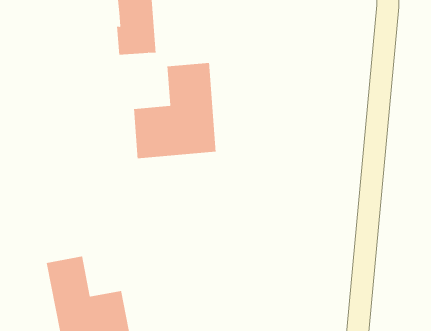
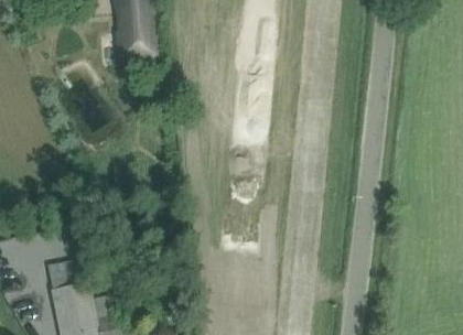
building: [133,62,216,159] -> none

